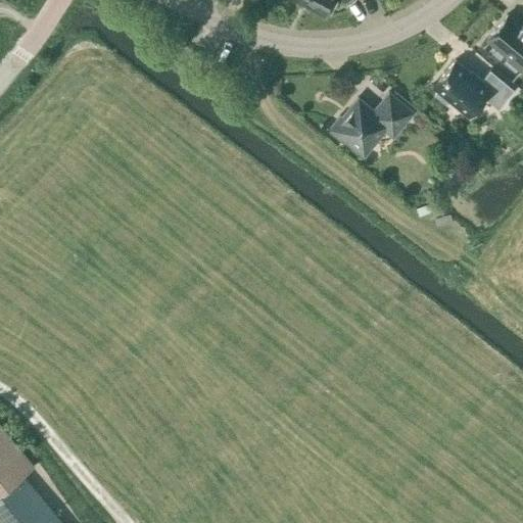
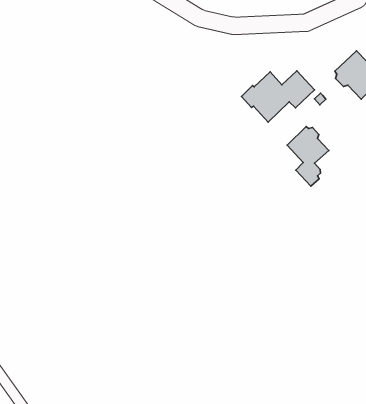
building: none -> [287,126,329,186]

